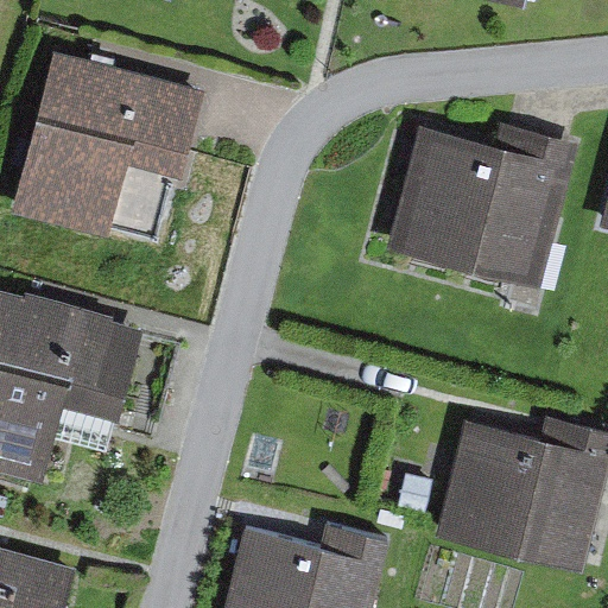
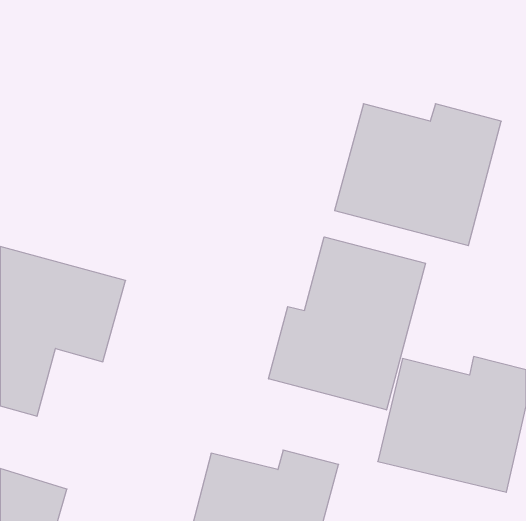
building: [10,50,207,241] -> none
building: none -> [269,237,426,410]

